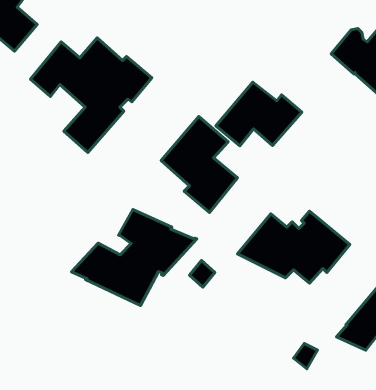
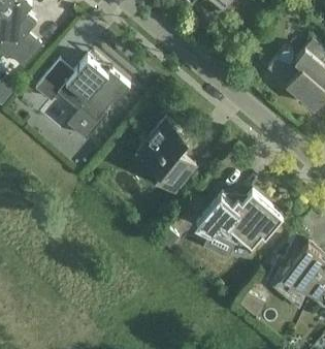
building: [216,82,302,146] -> none
building: [72,209,197,305] -> none

